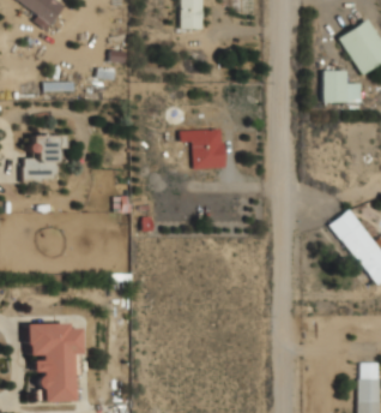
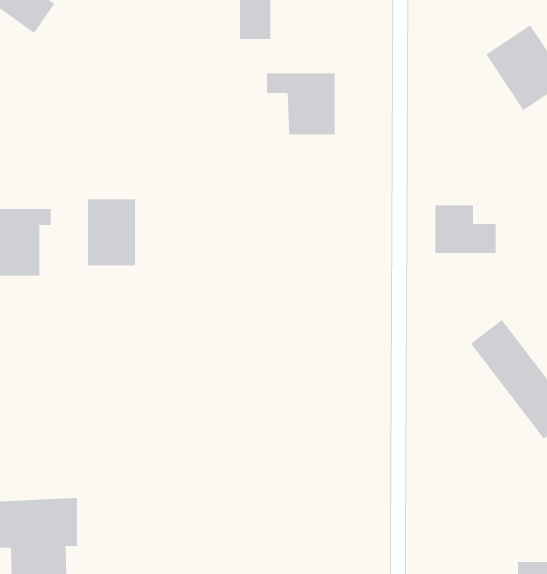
building: [322,71,362,102] -> [434,205,496,253]
building: [180,130,224,169] -> [266,73,336,135]
building: none -> [87,198,136,266]

